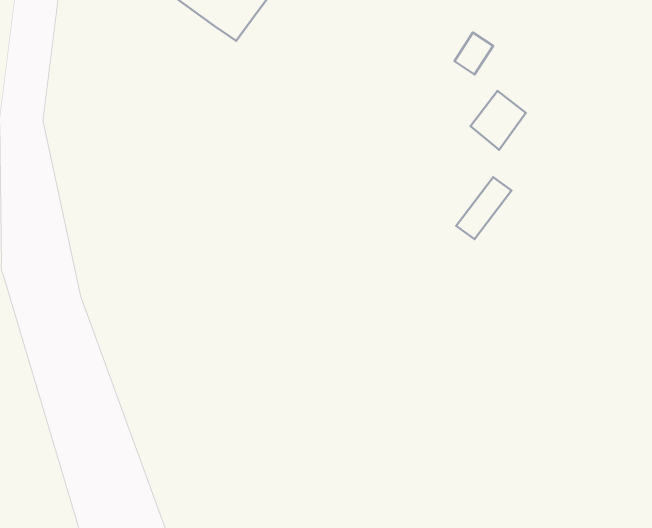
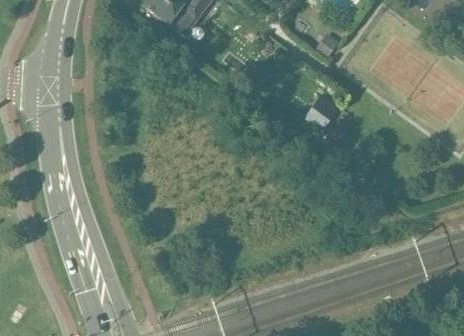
building: [470,91,526,150] -> [304,95,337,130]

